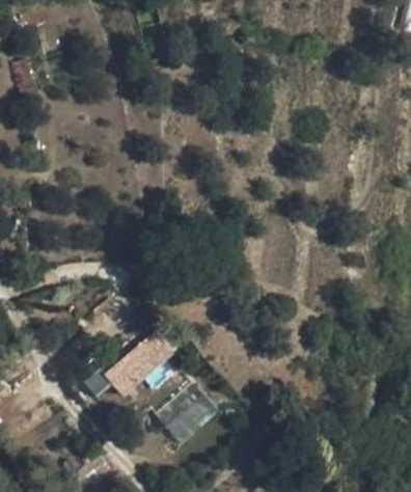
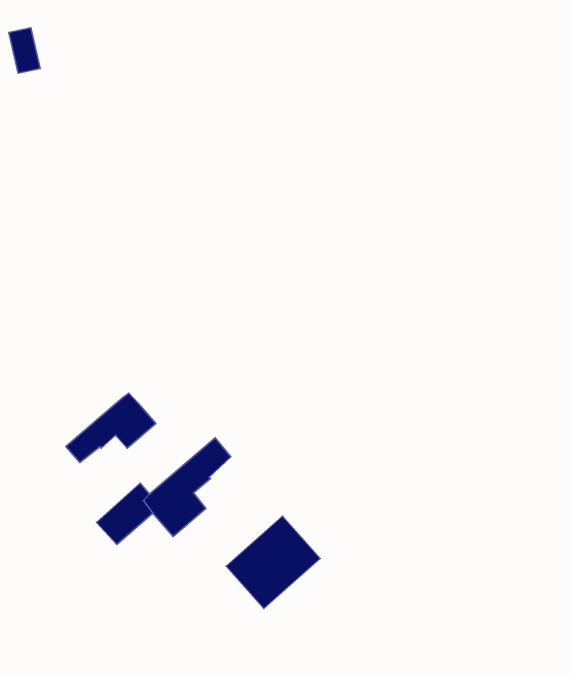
building: none -> [66,393,156,463]

